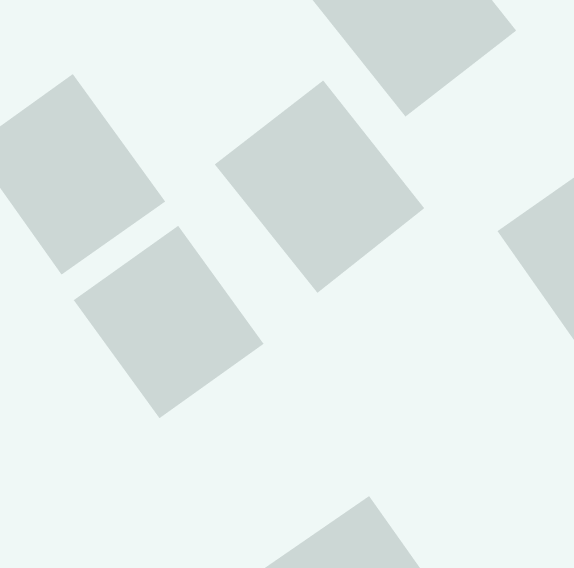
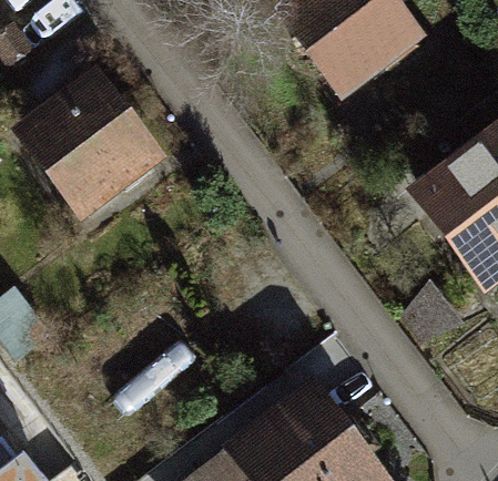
building: [214,80,425,294] -> none
building: [73,225,265,419] -> none

